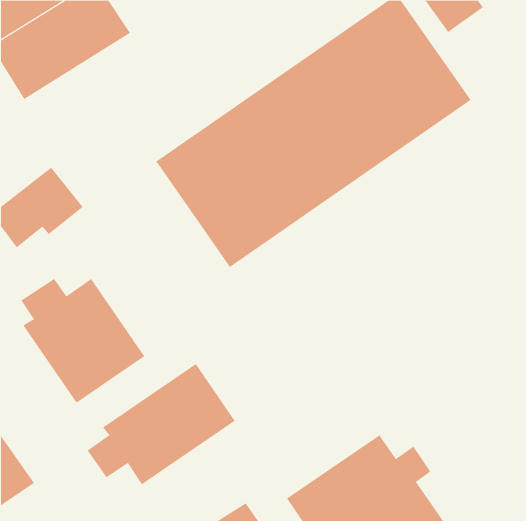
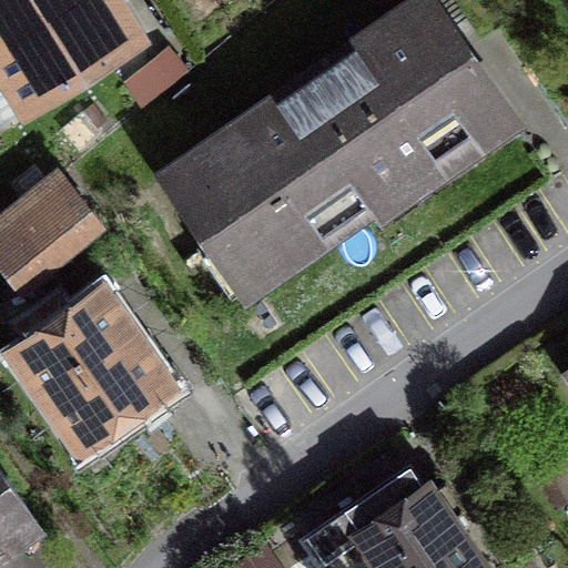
building: [87,363,235,485] -> none

